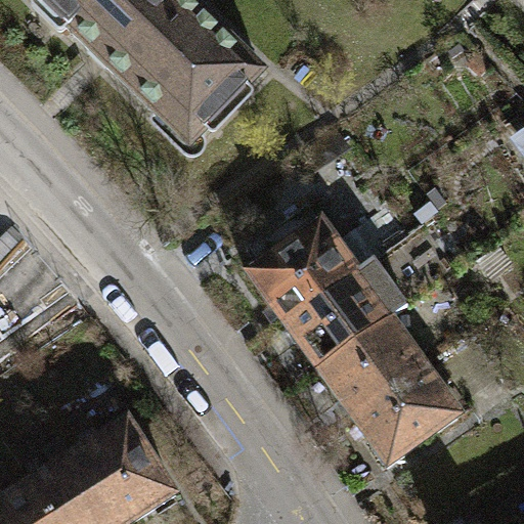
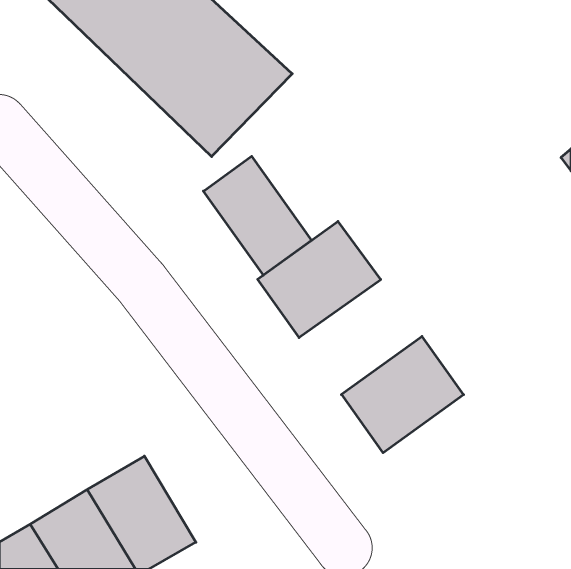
building: none -> [203,156,312,275]
building: [273,256,386,361] -> none
building: [350,361,462,467] -> none

